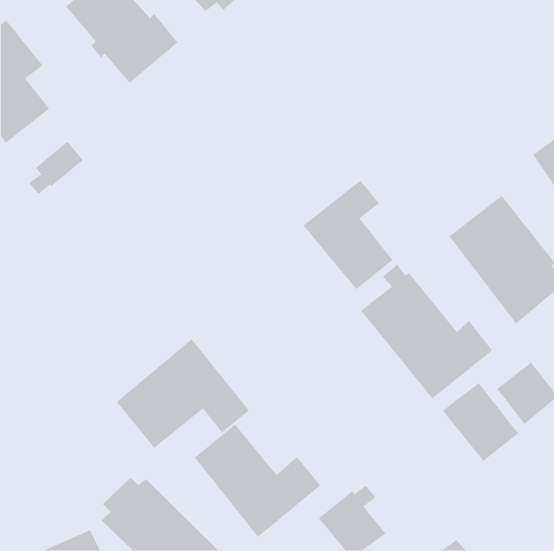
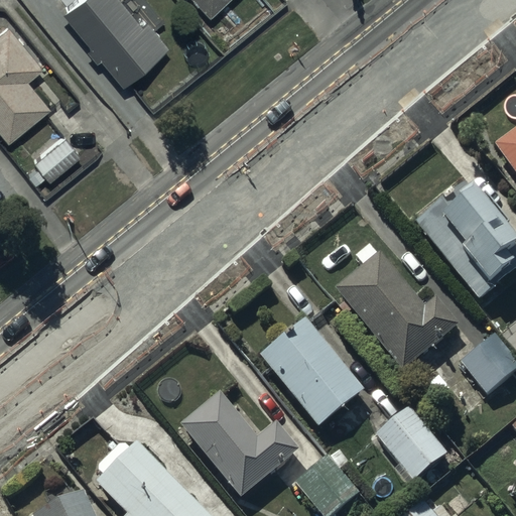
building: [303,180,394,290] -> none
building: [116,338,250,449] -> none
building: none -> [261,317,365,427]
building: [442,382,519,462] -> [376,406,447,480]

